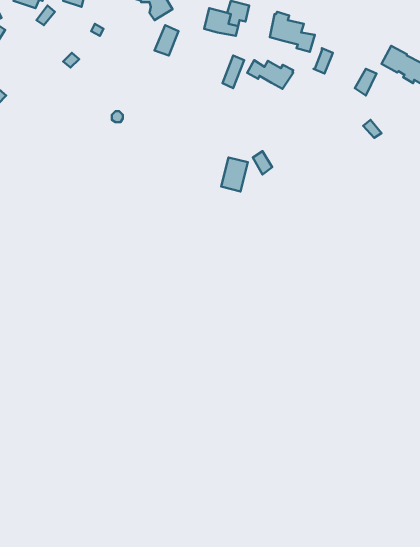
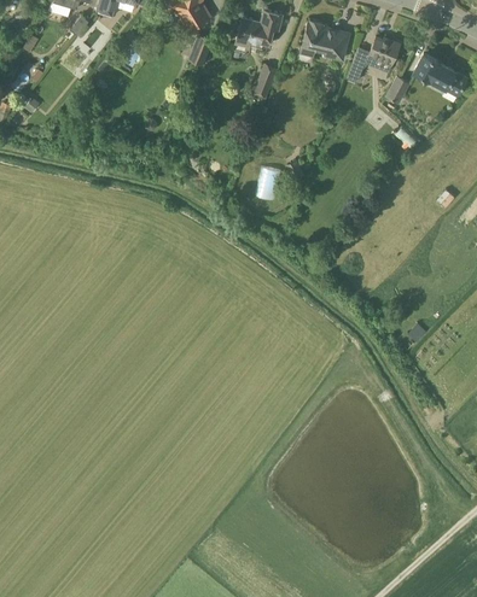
building: none -> [368,36,400,64]
building: [247,60,293,89] -> none

